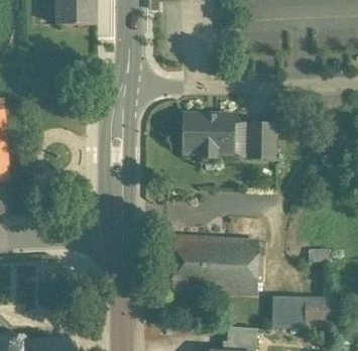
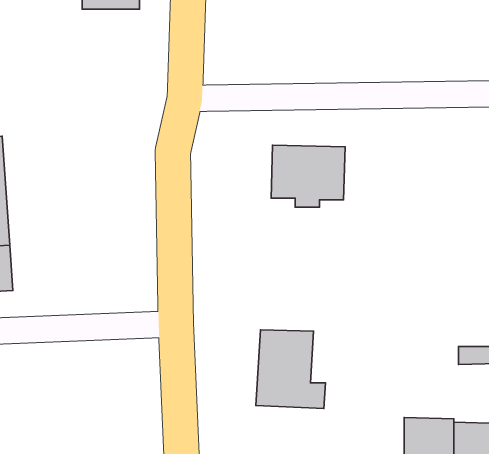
building: [248,123,274,157] -> none
building: [210,239,257,292] -> none

